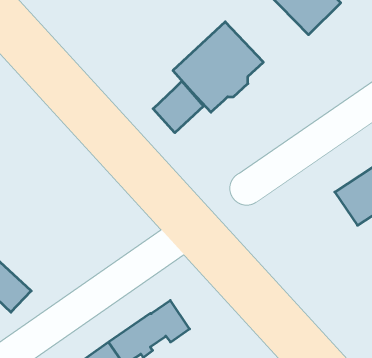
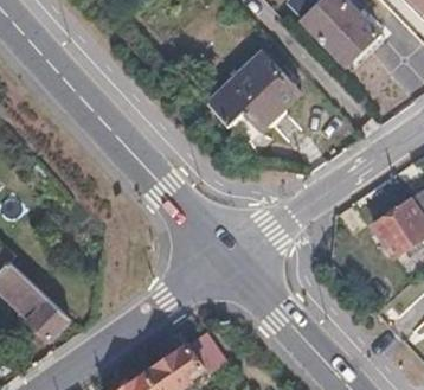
building: [153,81,203,133] -> none

